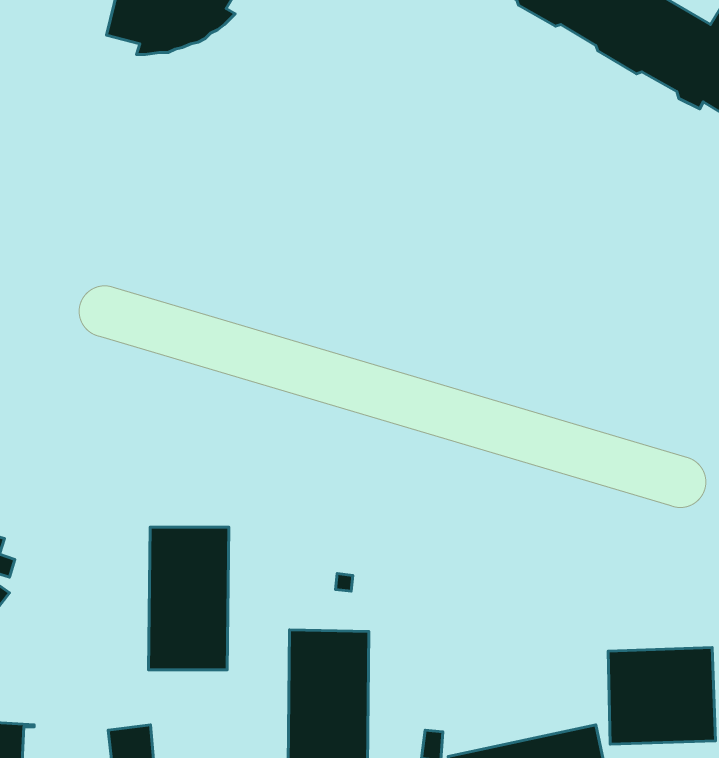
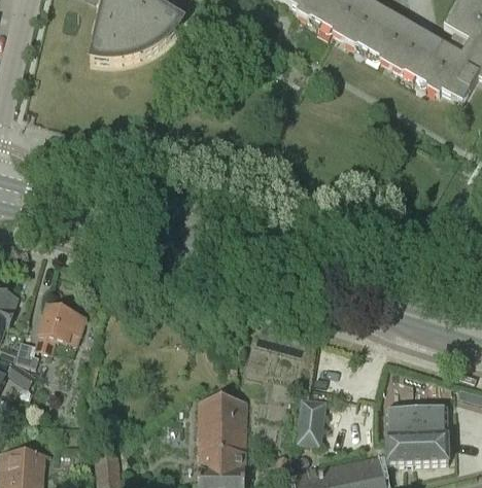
building: none -> [35,303,83,351]
building: [149,527,229,670] -> none
building: none -> [295,394,325,444]

